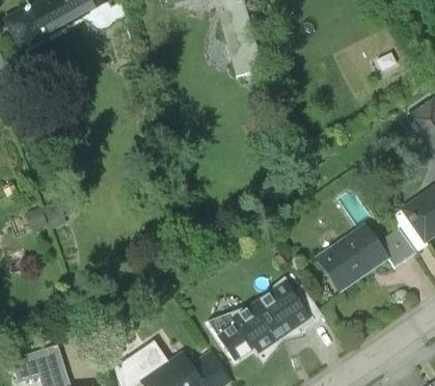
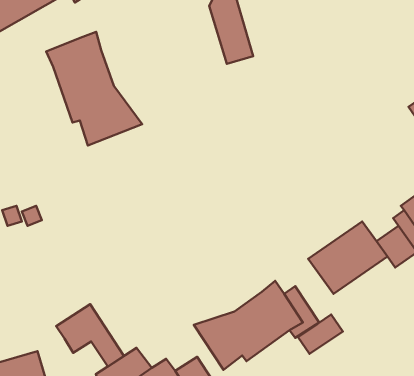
building: none -> [46,32,142,146]
building: none -> [56,304,124,366]
building: none -> [298,315,343,354]

